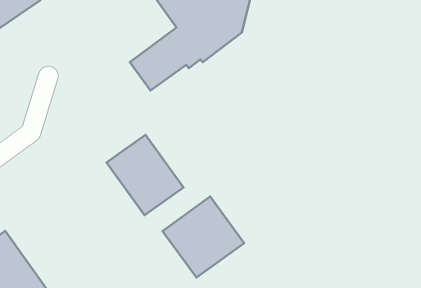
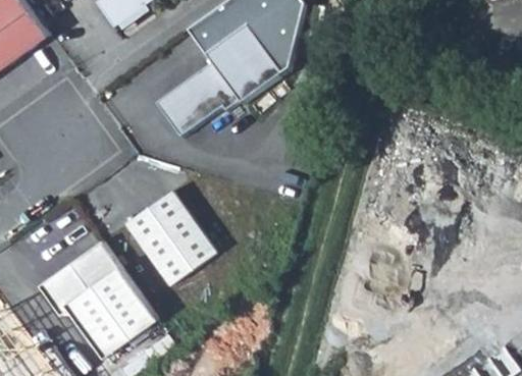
building: none -> [40,240,159,359]
building: [162,197,244,278] -> none

